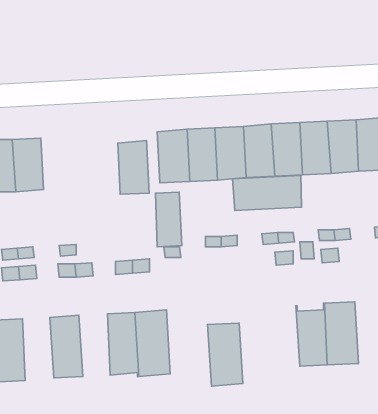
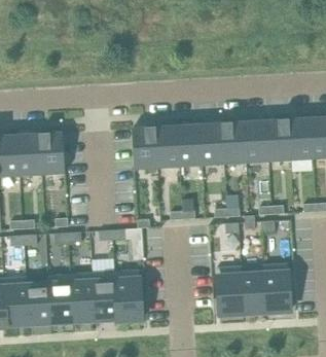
building: [118,141,149,194] -> [40,133,65,175]
building: [233,175,302,211] -> none
building: [156,192,182,247] -> none
building: none -> [70,273,95,322]
building: none -> [26,276,50,325]
building: [208,323,243,386] -> [216,266,244,316]

